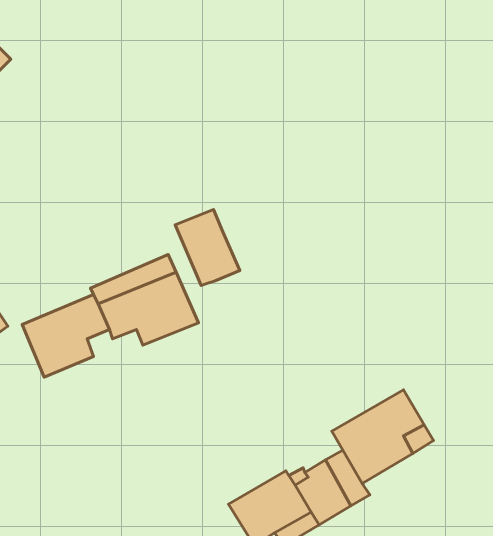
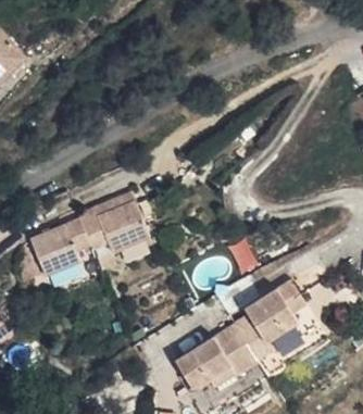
building: [175,209,240,286] -> none

